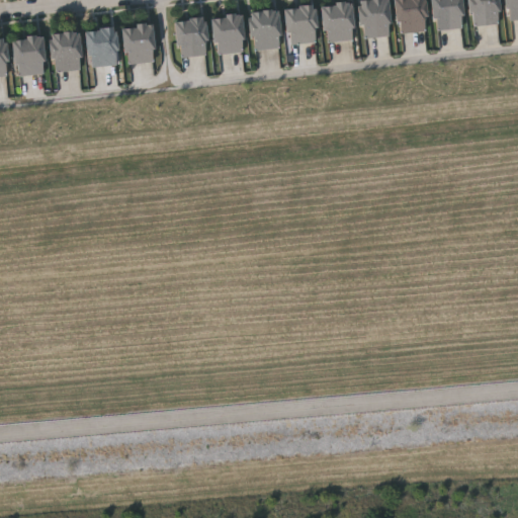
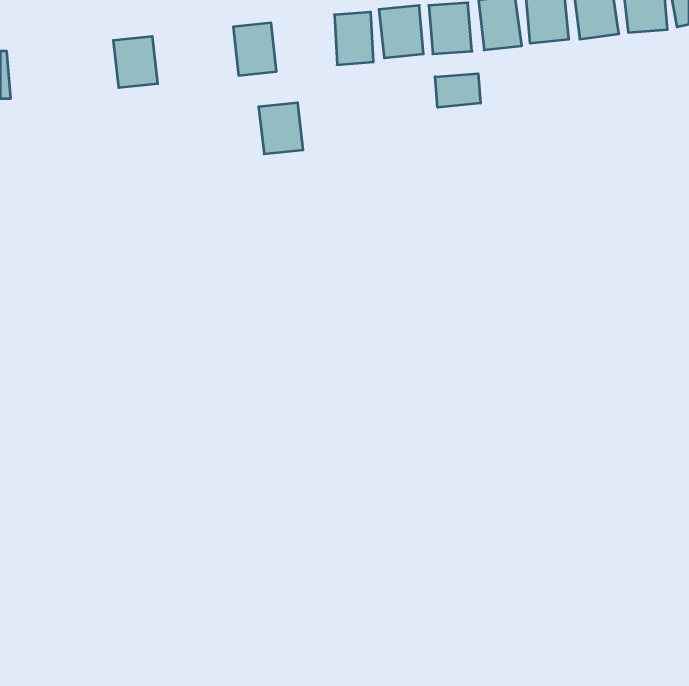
building: [211,14,245,53] -> [259,103,303,154]
building: [122,23,155,63] -> none
building: [50,30,82,71] -> none
building: [13,35,45,75] -> none
building: none -> [435,74,480,107]

